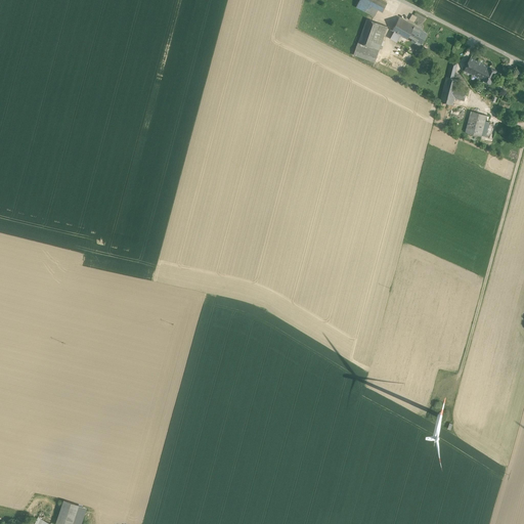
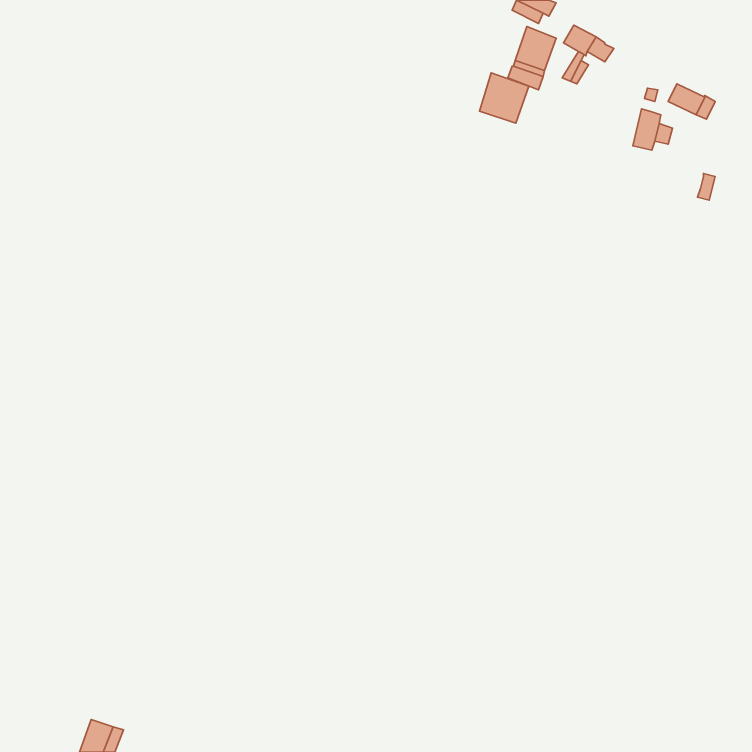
building: none -> [479,73,529,123]
building: [466,111,487,136] -> none

